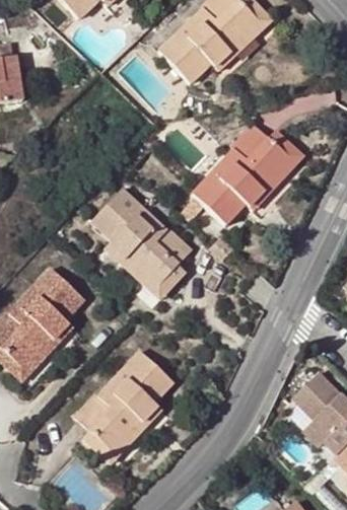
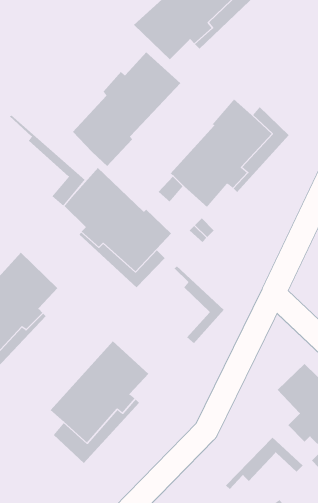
building: none -> [72,51,181,167]
building: none -> [9,114,85,206]
building: none -> [173,265,225,344]
building: none -> [225,437,304,490]

